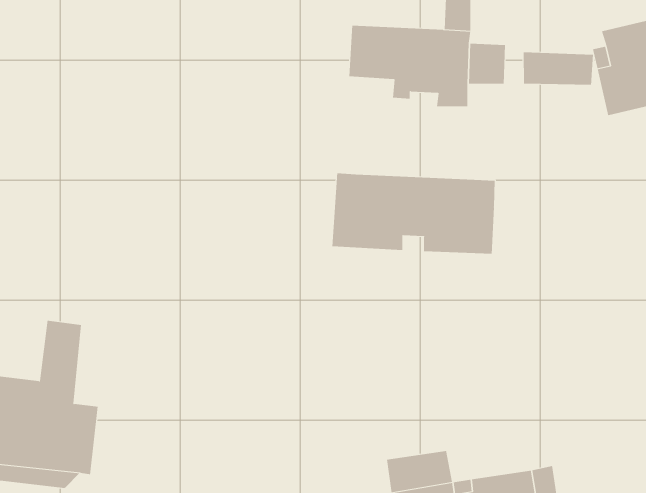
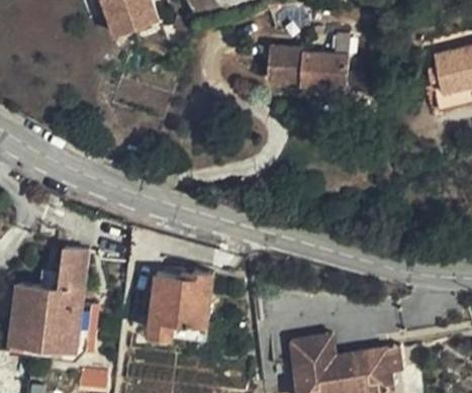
building: [523,52,593,86] -> none
building: [332,172,495,254] -> none
building: none -> [148,270,211,337]

